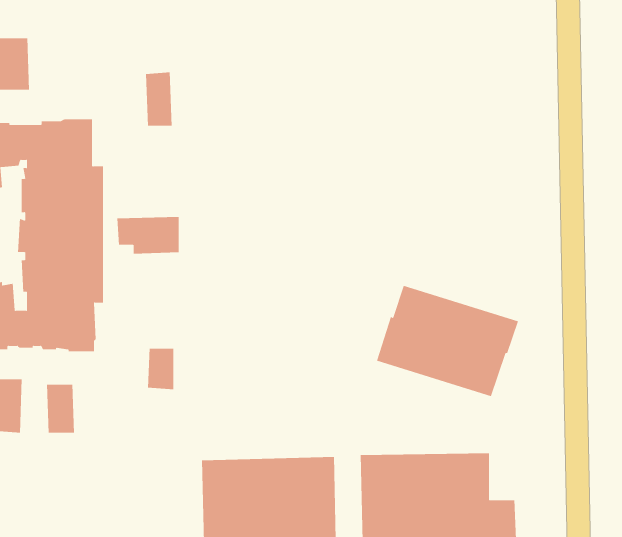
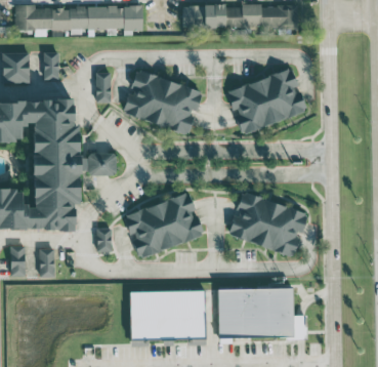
building: none -> [42,51,58,80]
building: none -> [225,68,304,132]
building: none -> [123,71,200,133]
building: none -> [122,194,202,256]

